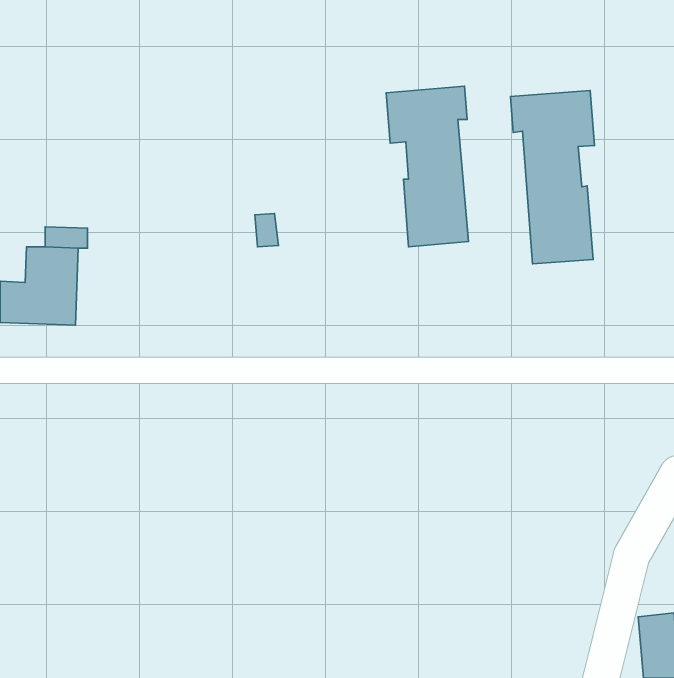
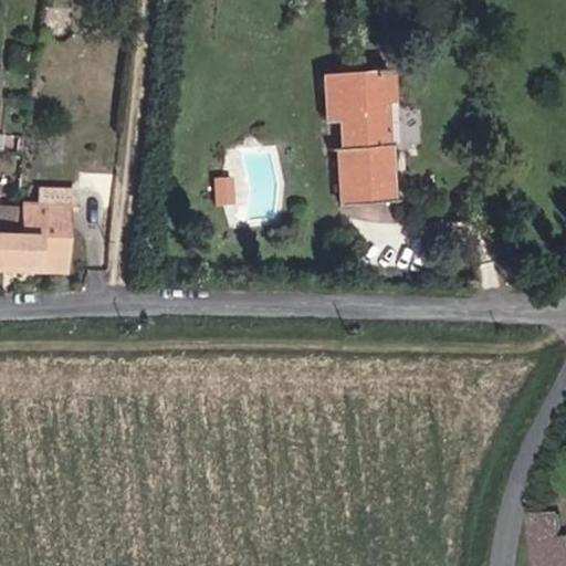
building: [510,91,595,264] -> none

